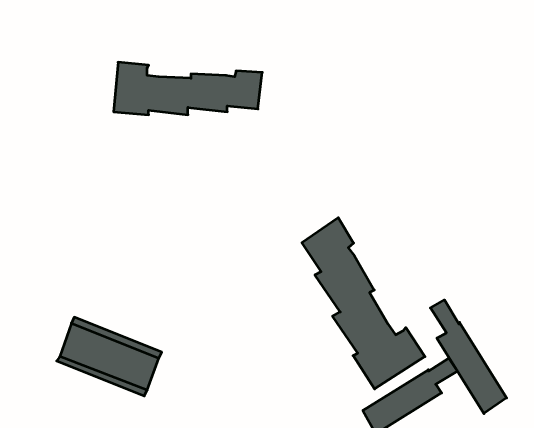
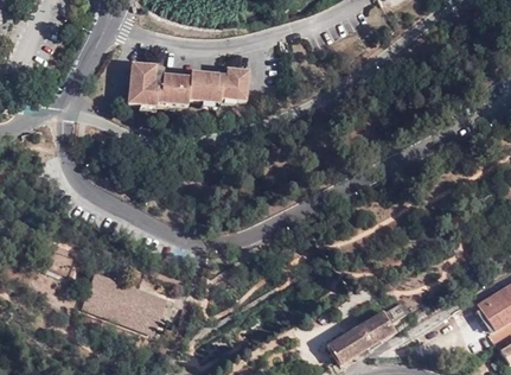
building: [302,218,425,389] -> none
building: [430,300,507,414] -> none

